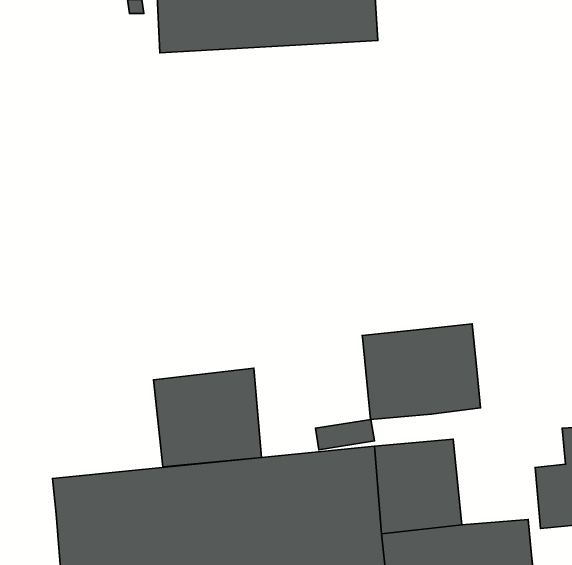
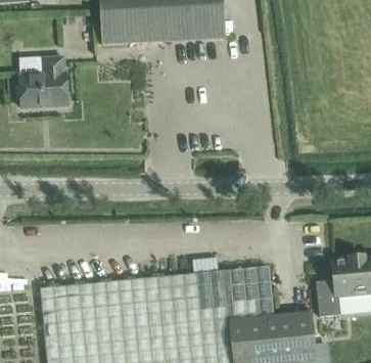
building: none -> [15,56,67,107]
building: [362,324,481,419] -> none
building: [153,368,262,467] -> none

